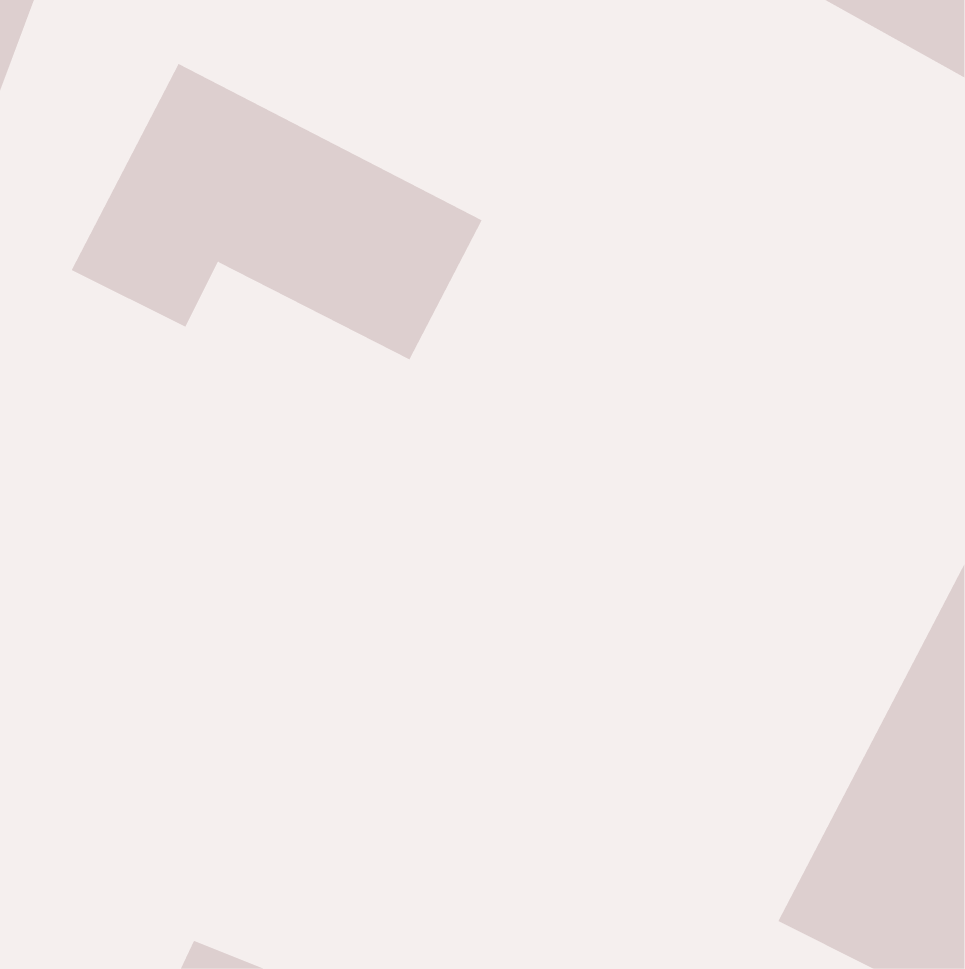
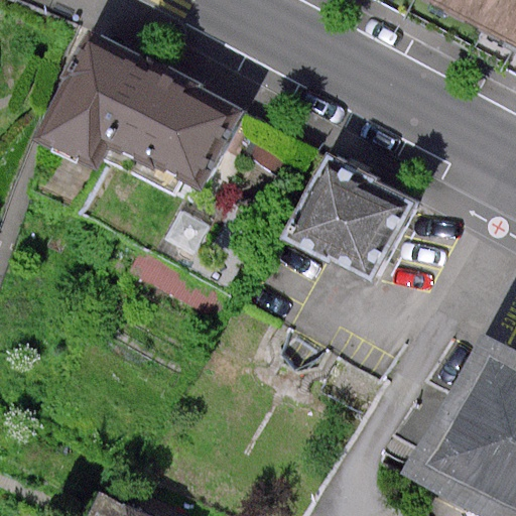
building: none -> [284,161,417,281]

